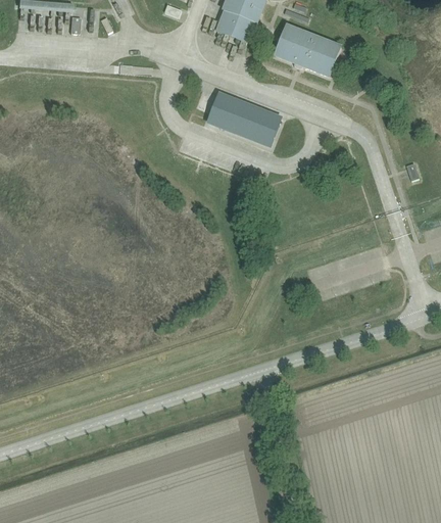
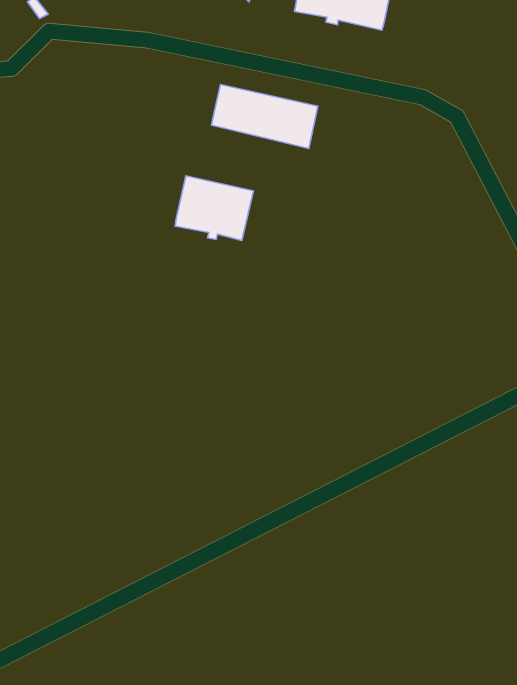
building: none -> [175,176,254,241]

